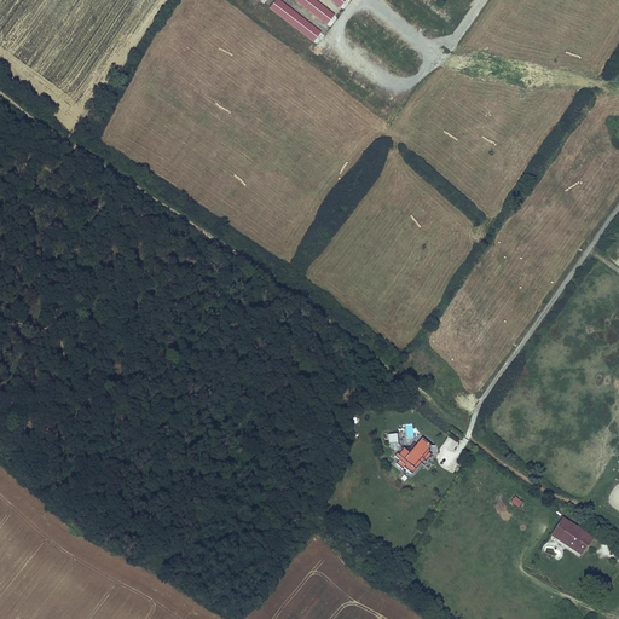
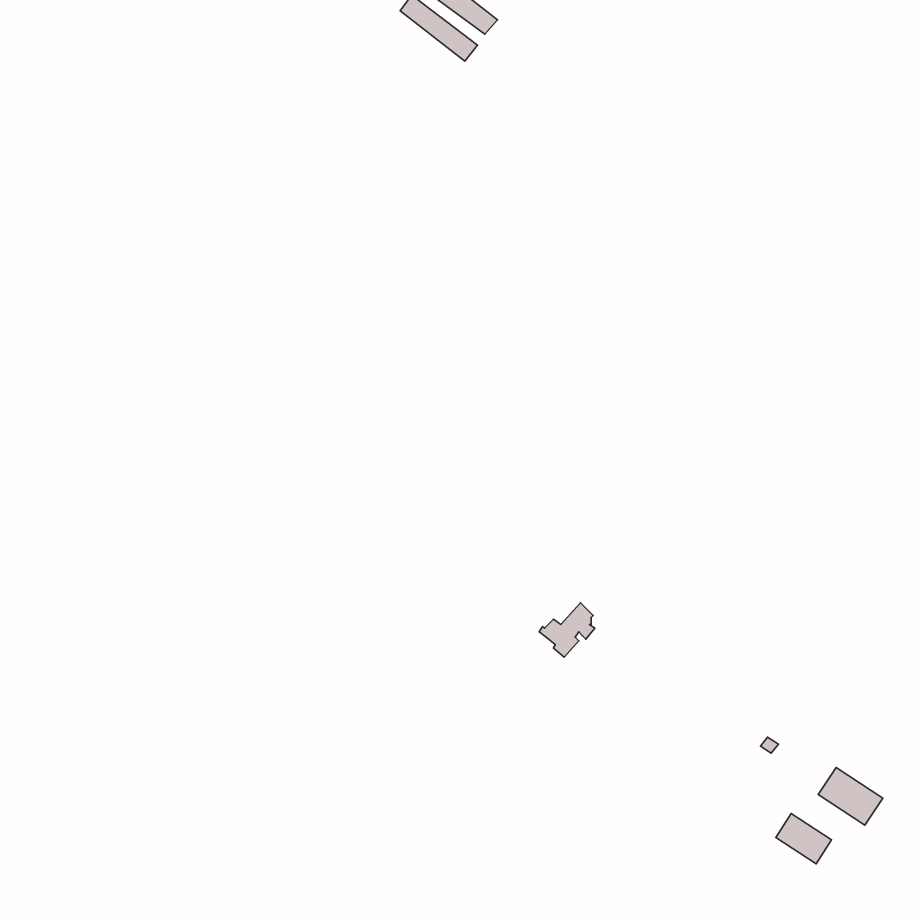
building: [395,435,433,472] -> [539,603,595,657]
building: none -> [776,813,832,864]

